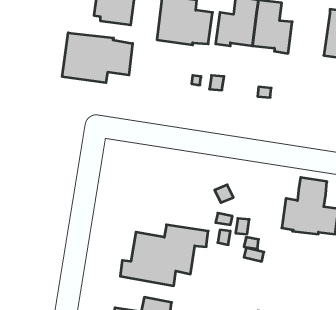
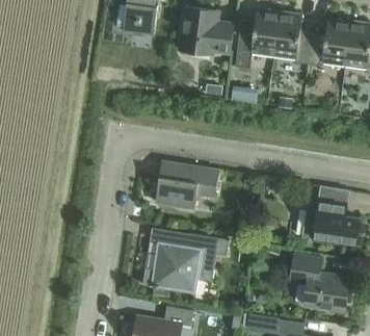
building: none -> [309,17,350,66]
building: [62,33,133,83] -> none
building: none -> [156,160,219,208]
building: none -> [290,254,350,311]

